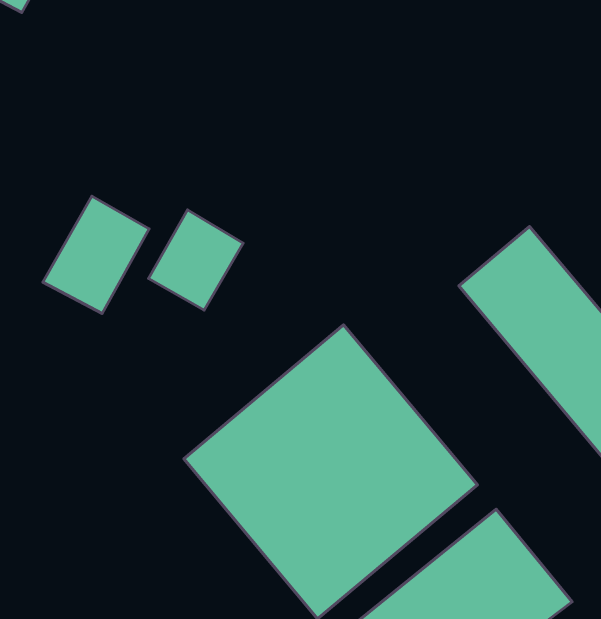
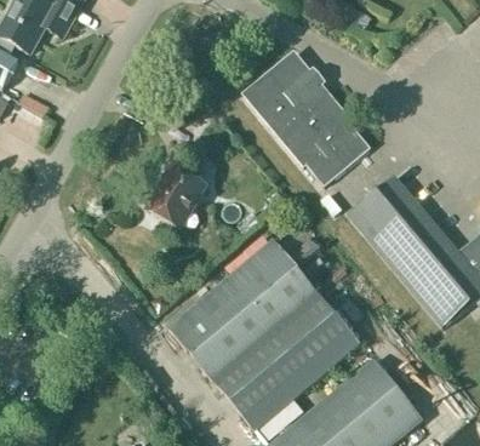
building: none -> [246,56,370,187]
building: [43,196,149,313] -> none

